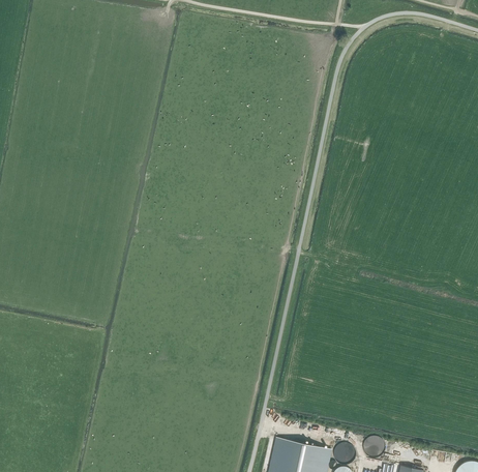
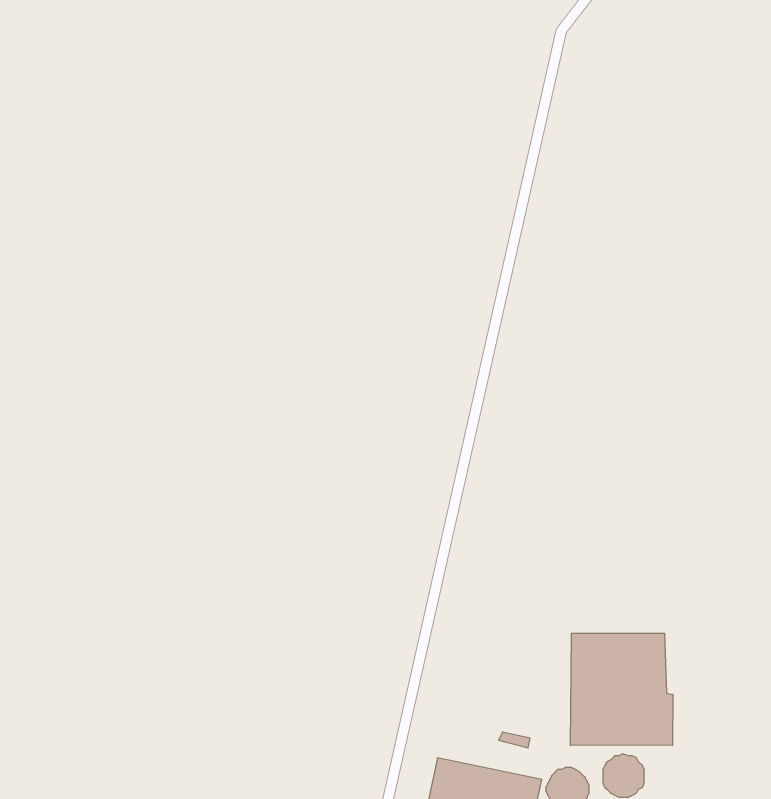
building: none -> [571,633,673,746]

